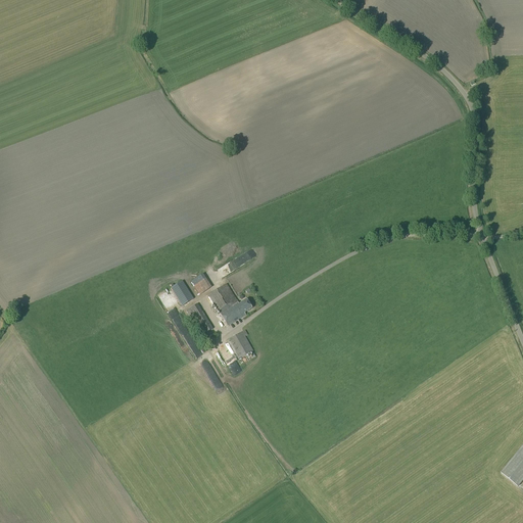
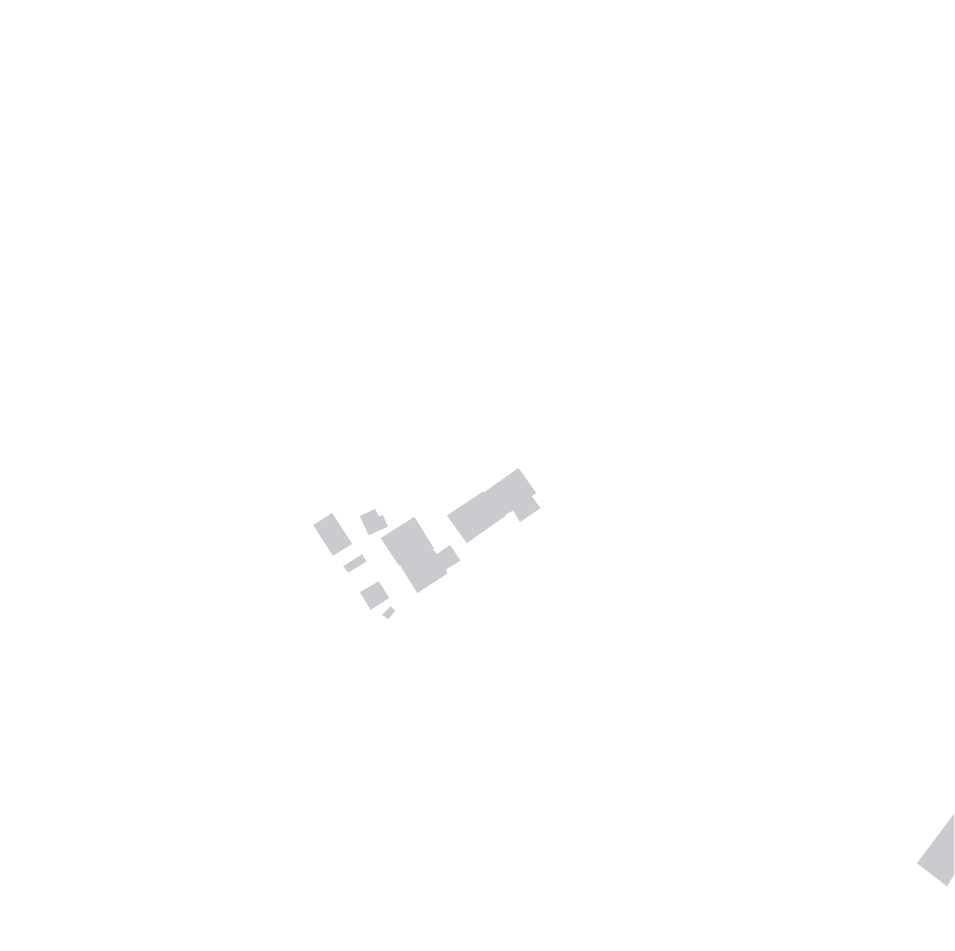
building: none -> [446,467,542,544]
building: [228,329,253,358] -> none

